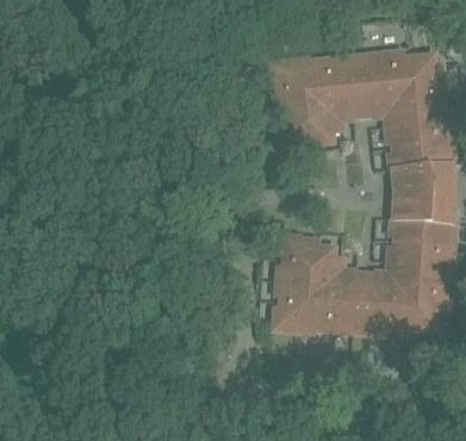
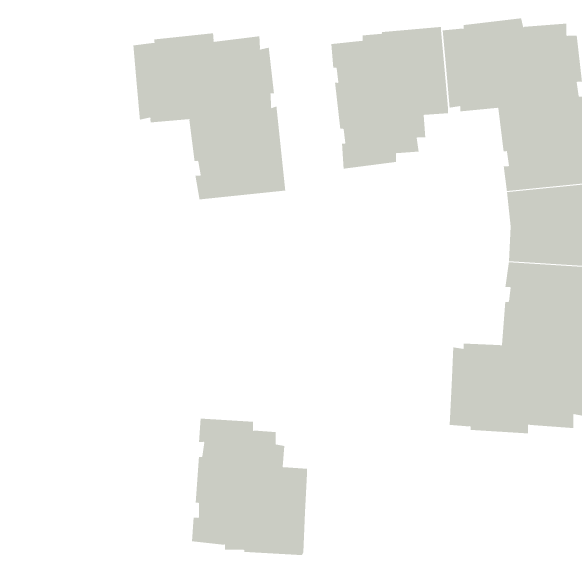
building: none -> [133,33,286,200]
building: [273,236,353,330] -> [191,418,308,556]

